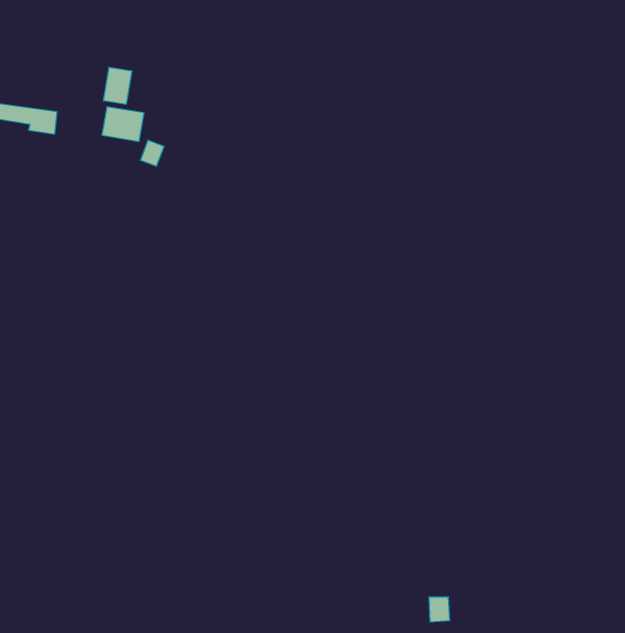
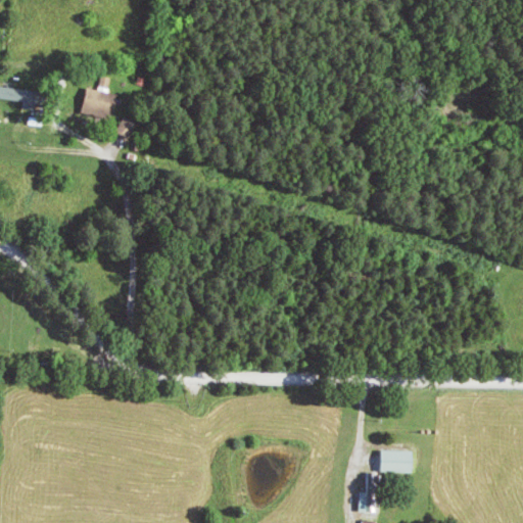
building: [103,67,132,104] -> none
building: none -> [374,450,411,473]

